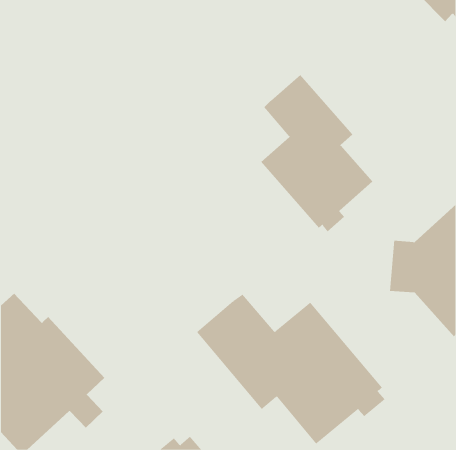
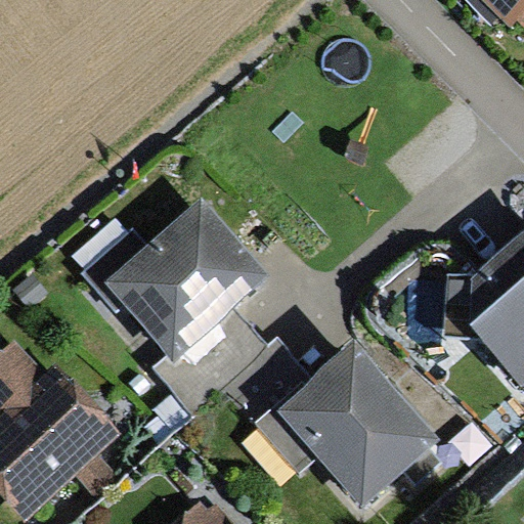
building: [261,74,373,232] -> none
building: none -> [85,202,267,408]

